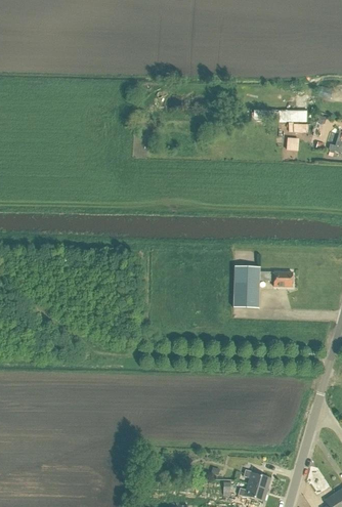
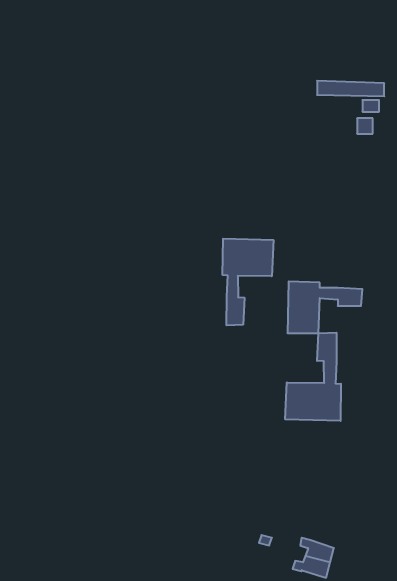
building: none -> [223,239,273,325]
building: none -> [285,333,341,421]

